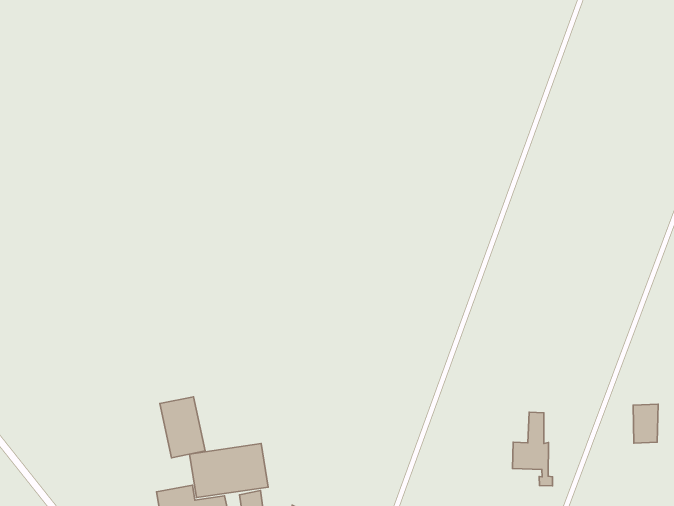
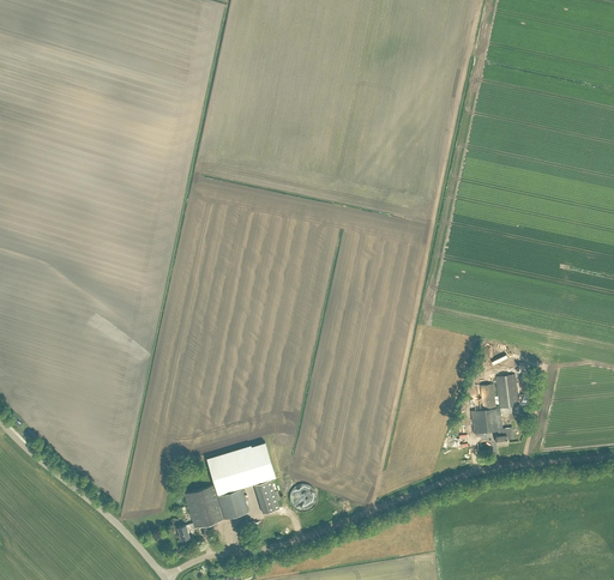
building: [160,397,205,458] -> none
building: [633,404,658,443] -> [495,374,519,409]

